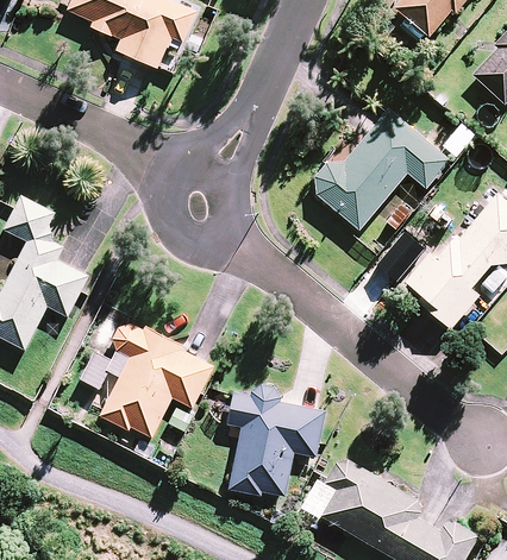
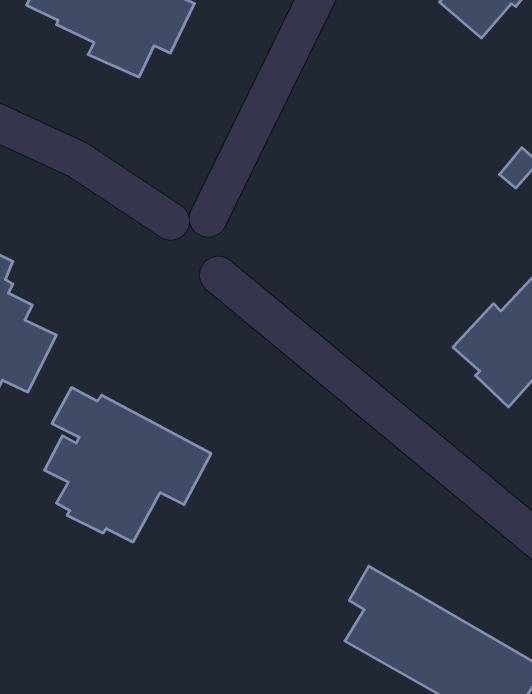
building: [314,111,449,229] -> none
building: [226,385,324,496] -> none

